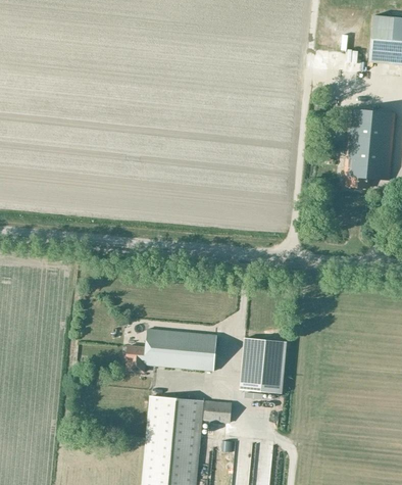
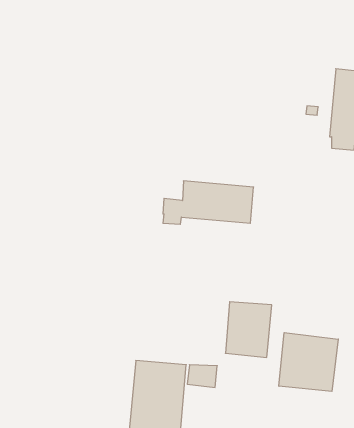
building: [127,329,216,372] -> [163,181,254,224]
building: none -> [279,333,338,391]

